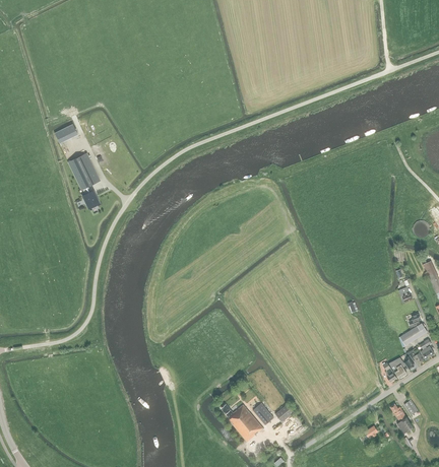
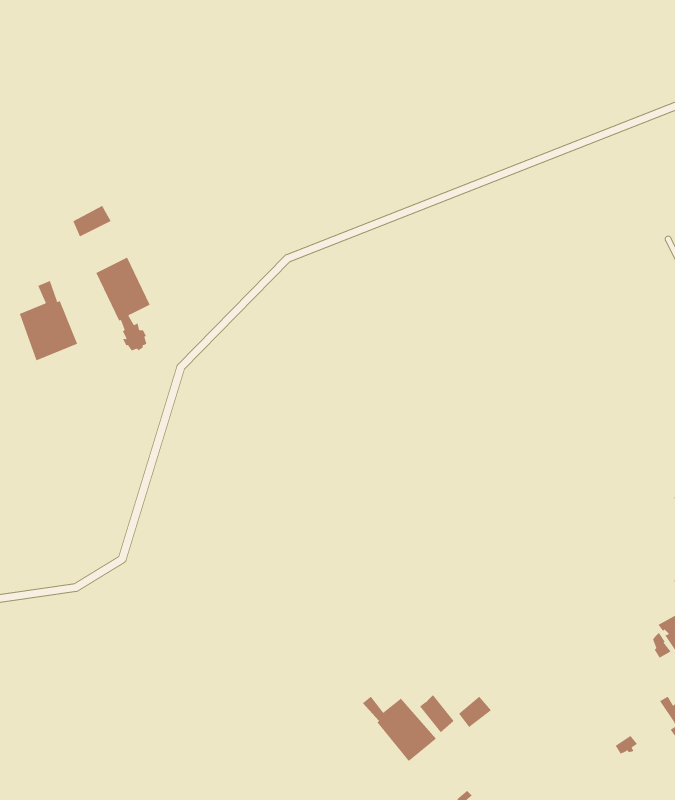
building: none -> [19,280,78,361]

